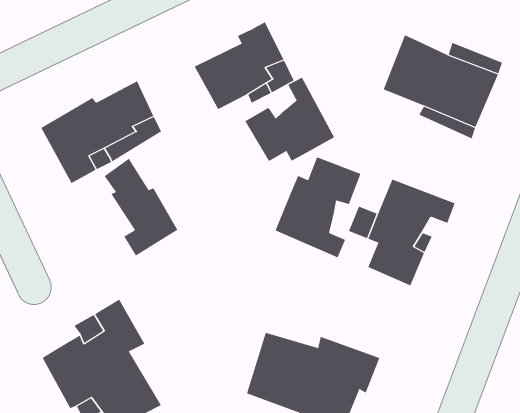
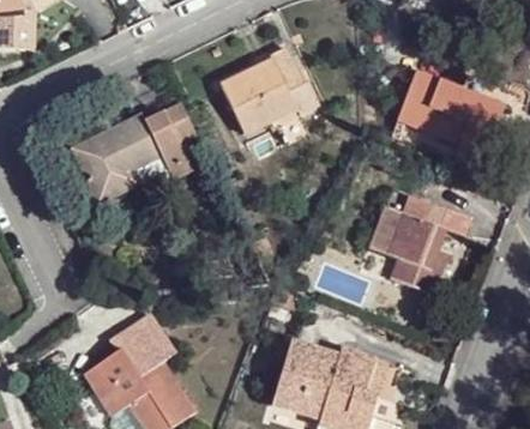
building: [245,77,335,162] -> none
building: [275,157,361,258] -> none
building: [104,158,178,256] -> none

